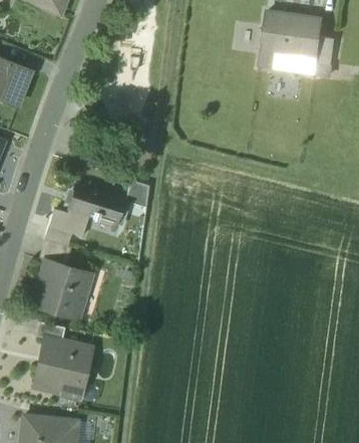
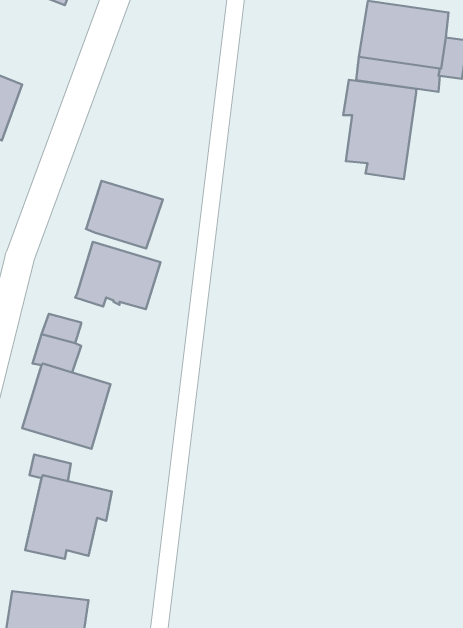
building: none -> [343,80,416,179]
building: none -> [86,181,163,249]
building: [49,209,86,236] -> none

